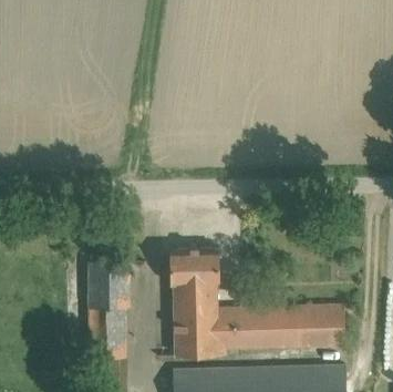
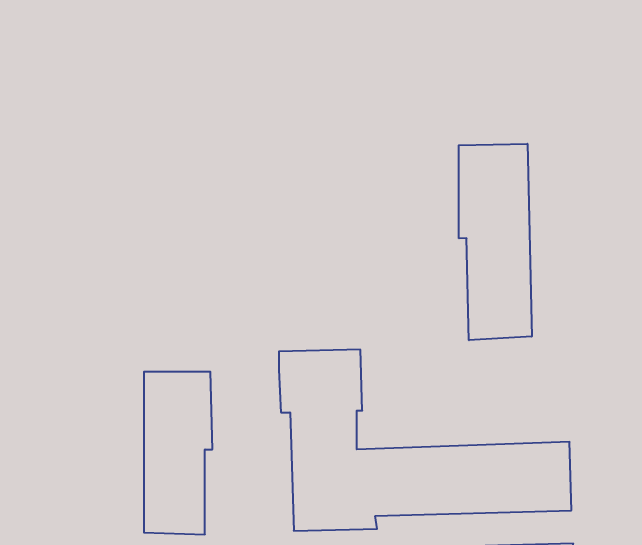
building: none -> [459,144,532,340]

